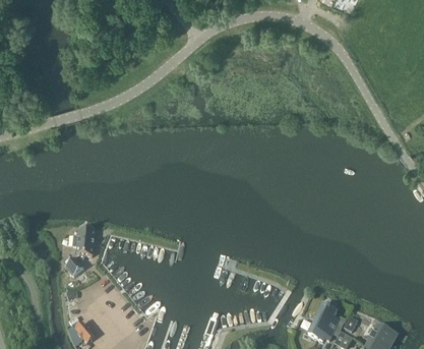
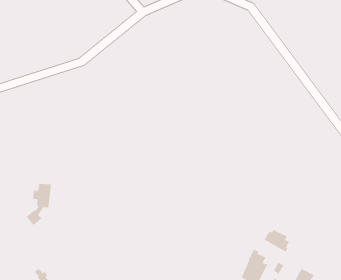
building: none -> [264,229,290,252]

